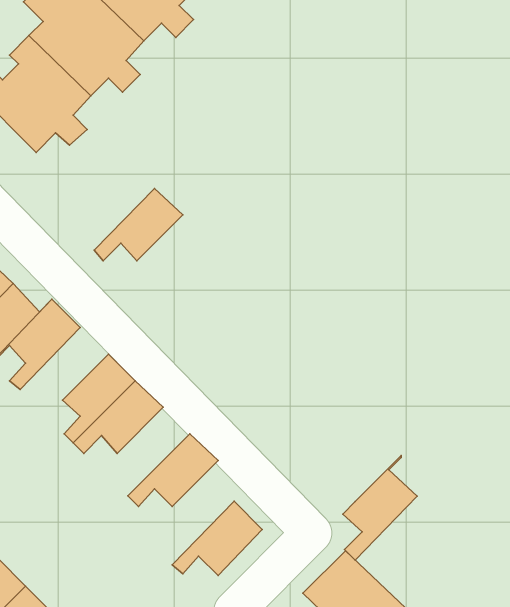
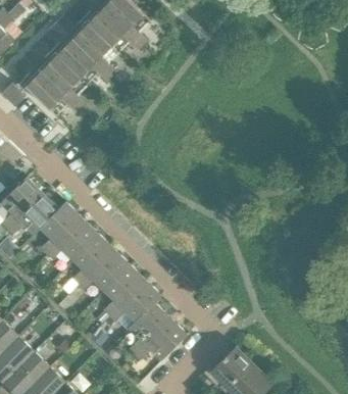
building: [94,188,183,261] -> [47,218,98,260]
building: none -> [103,264,145,315]
building: [343,456,417,560] -> [128,295,170,355]

